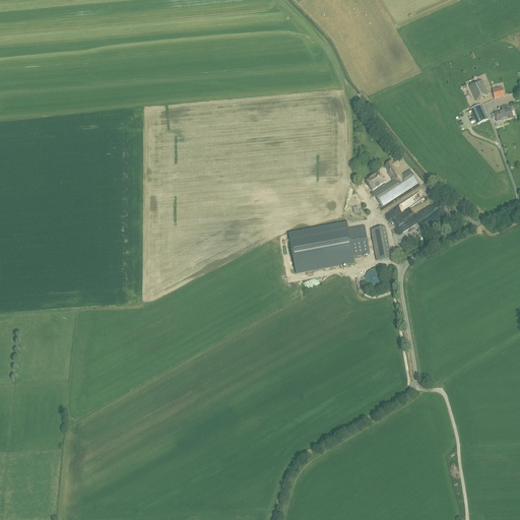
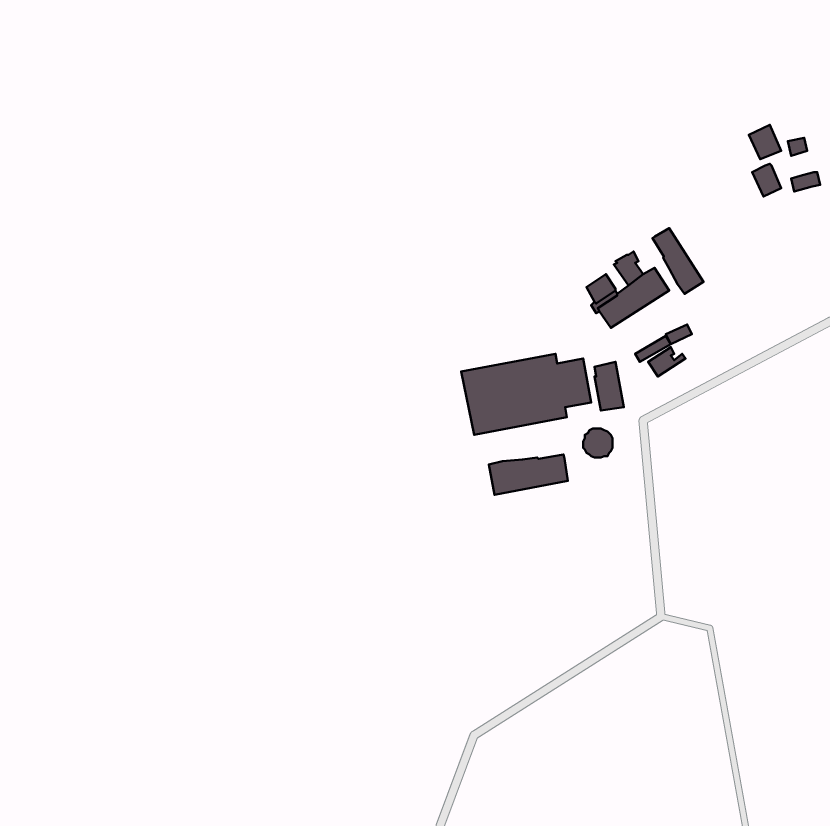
building: none -> [652,228,703,294]
building: none -> [489,454,568,495]

